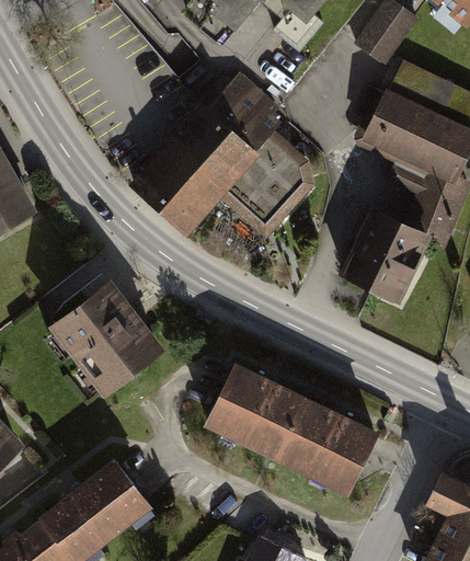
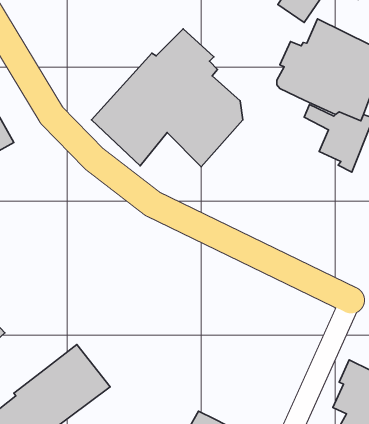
building: [342,207,434,304] -> none
building: [47,278,163,397] -> none
building: [204,362,379,496] -> none

